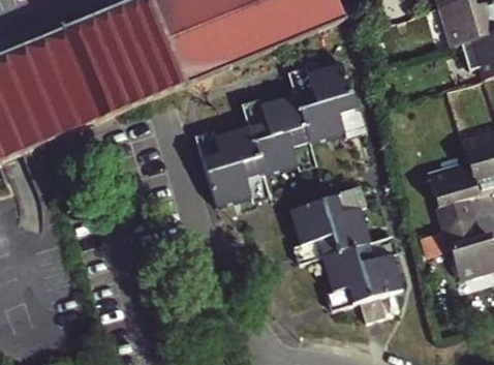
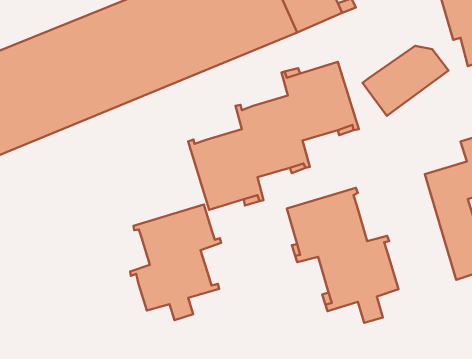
building: none -> [363,46,449,116]
building: none -> [130,205,221,320]

